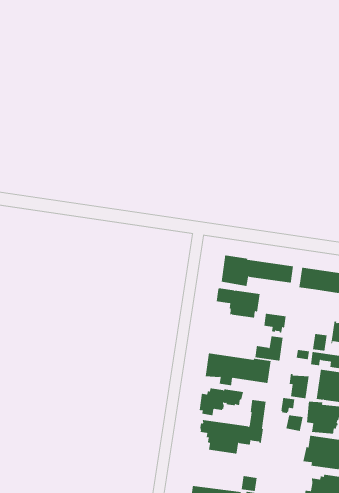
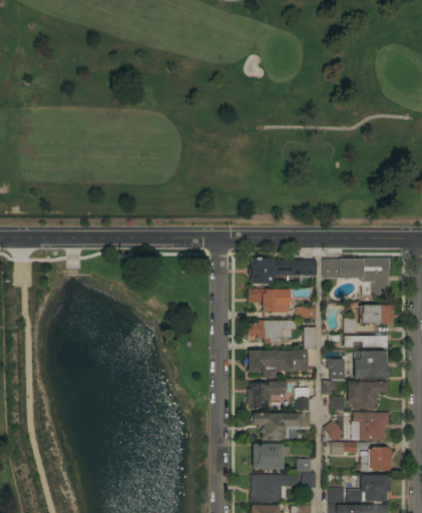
building: none -> [249,320,285,343]
building: none -> [323,420,357,455]
building: none -> [252,444,290,469]

